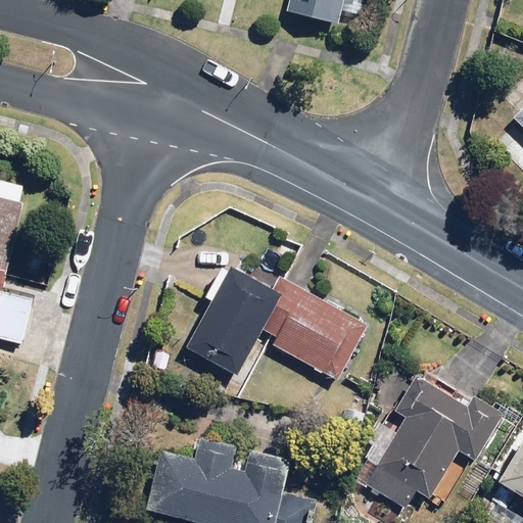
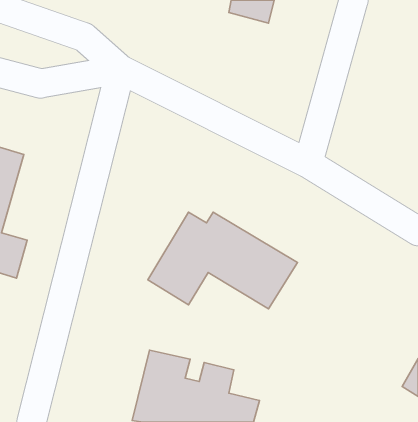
building: [366,364,502,508] -> none

